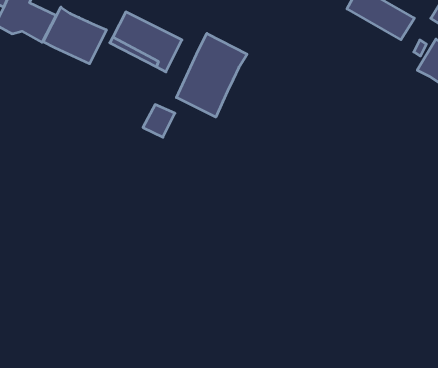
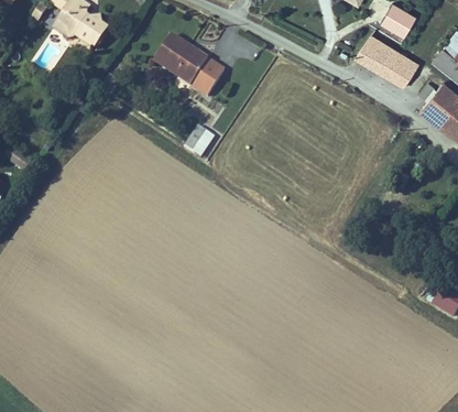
building: [43,7,106,64] -> none
building: [176,33,247,117] -> none

